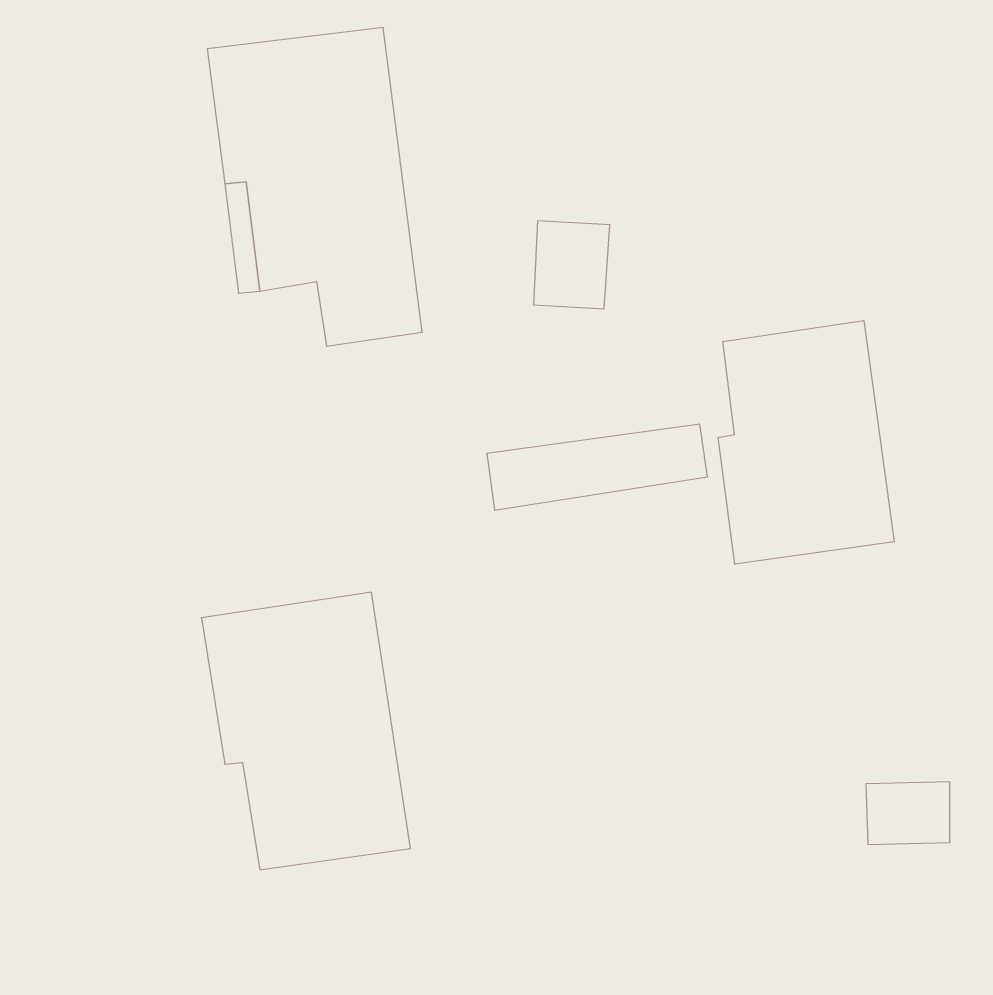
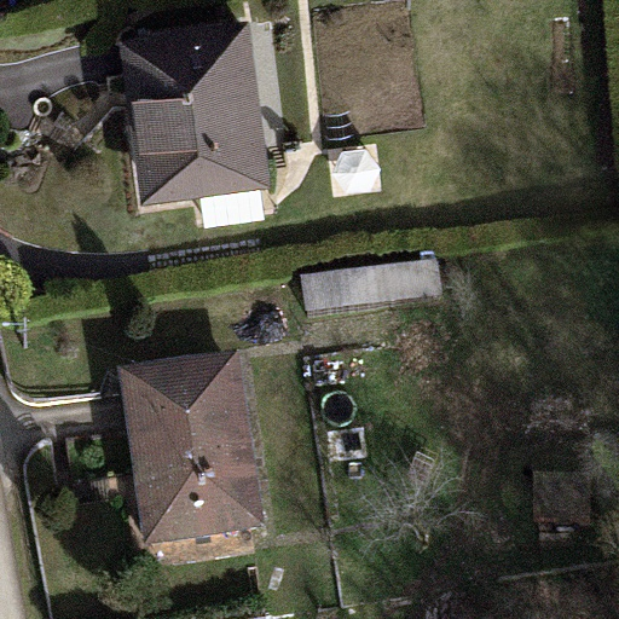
building: [718,321,894,564] -> none

